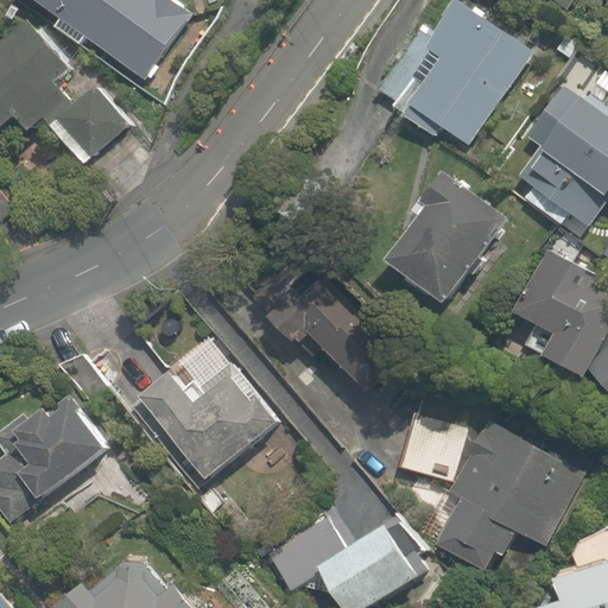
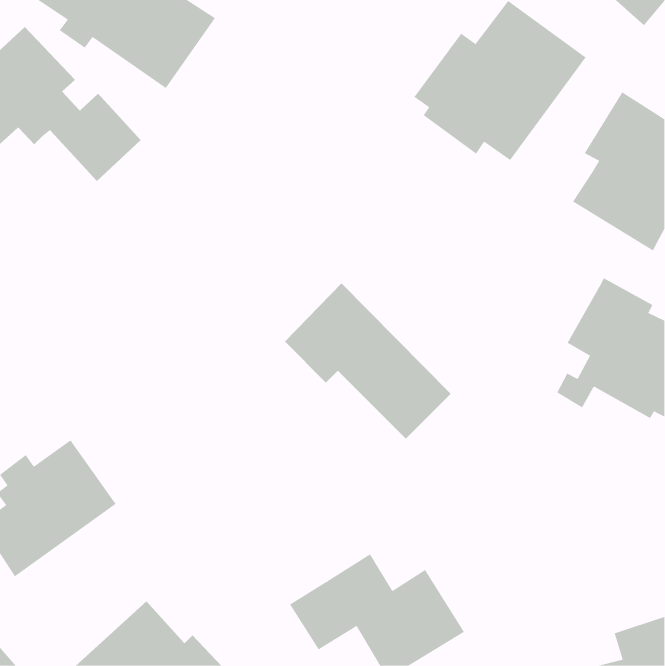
building: [387,179,504,304] -> none
building: [139,368,273,480] -> none
building: [437,411,590,571] -> none

